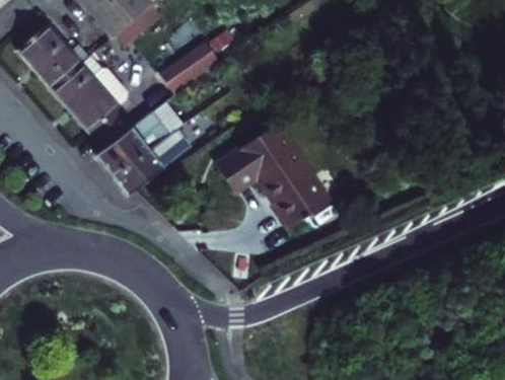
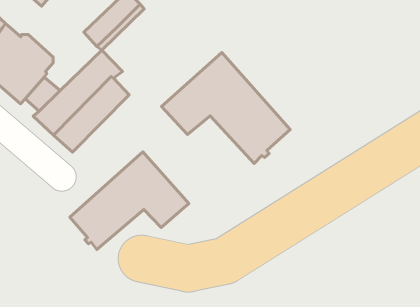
building: none -> [70,152,189,250]

